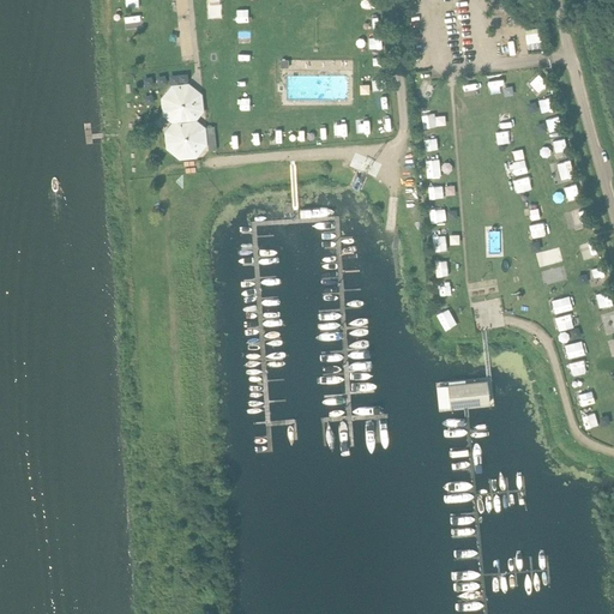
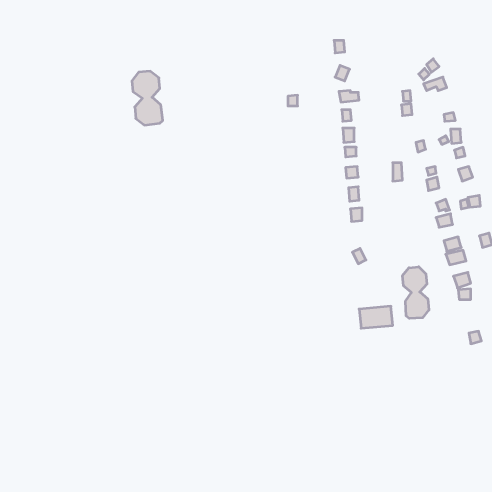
building: none -> [403,267,429,318]

